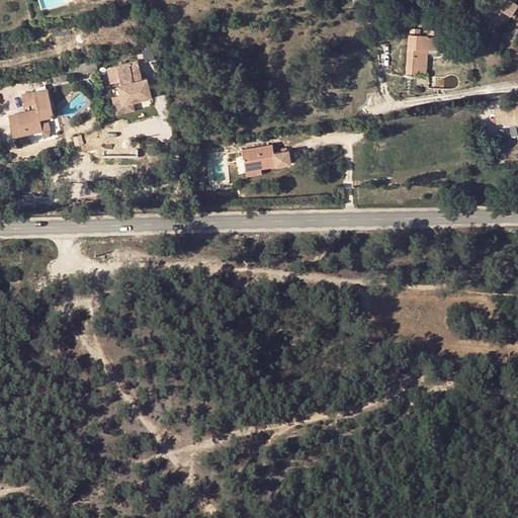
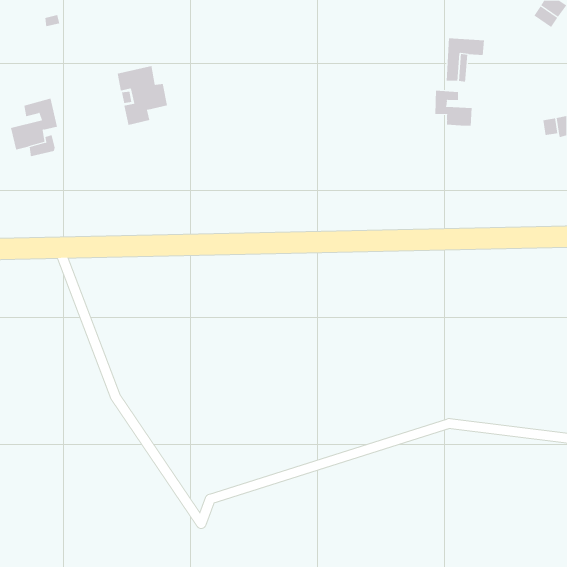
building: none -> [435,90,472,127]
building: [242,146,290,172] -> none

